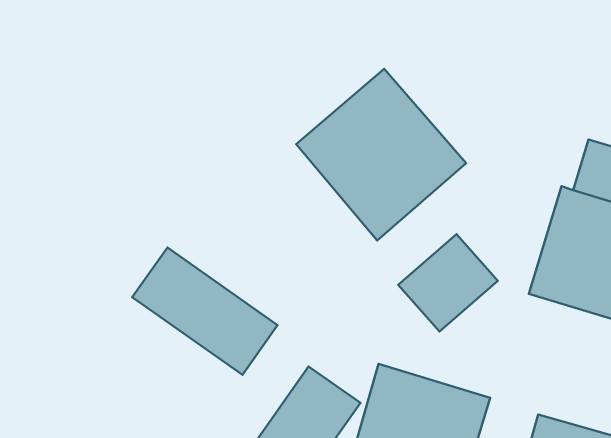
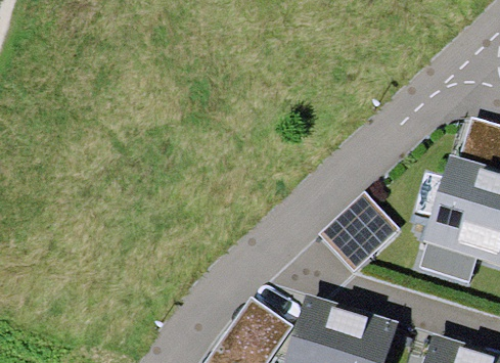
building: [296,69,466,240] -> none
building: [132,248,278,375] -> none

